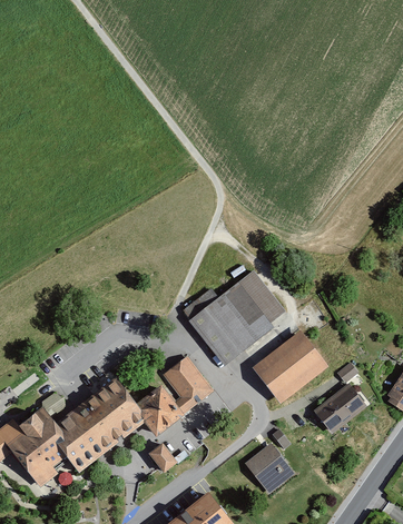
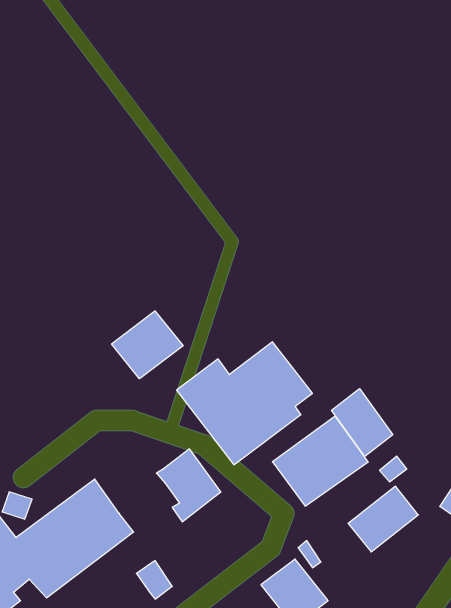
building: none -> [112,311,183,379]
building: none -> [332,389,393,456]
building: [134,383,183,433] -> none

